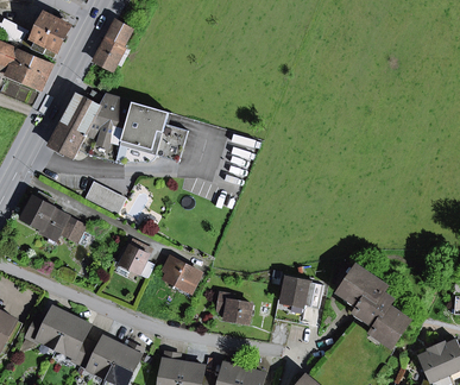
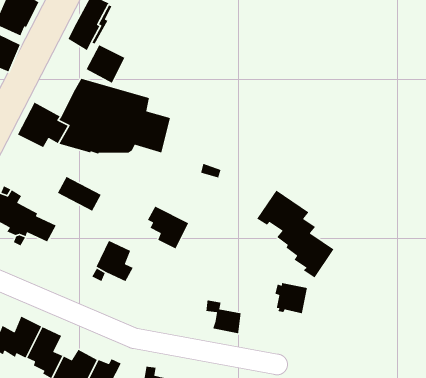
building: [64,93,100,128] -> [86,44,125,84]
building: [162,257,200,296] -> [147,206,189,249]
building: [338,266,408,346] -> [256,189,335,278]

